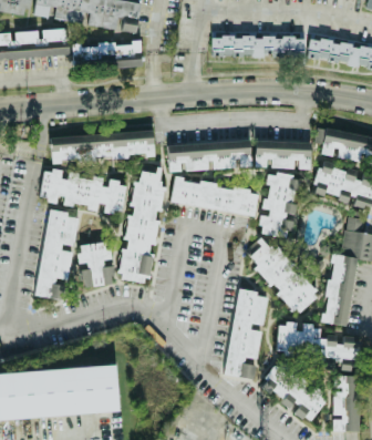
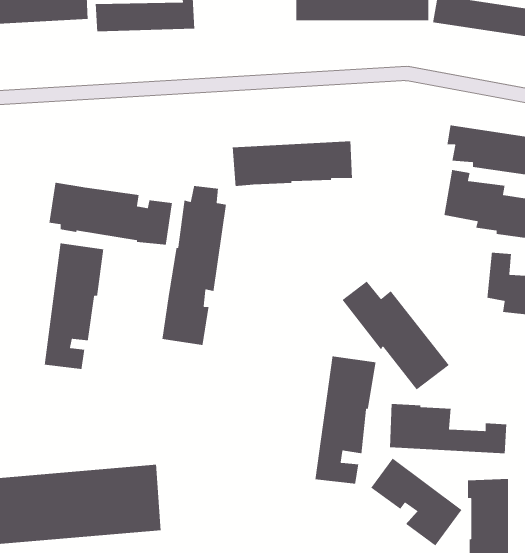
building: [51,131,154,161] -> none
building: [255,140,311,168] -> none
building: [259,173,300,237] -> none
building: [170,178,258,215] -> none
building: [78,242,113,286] -> none
building: [320,254,356,325] -> none

